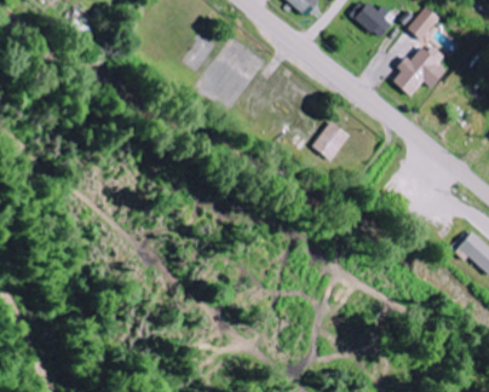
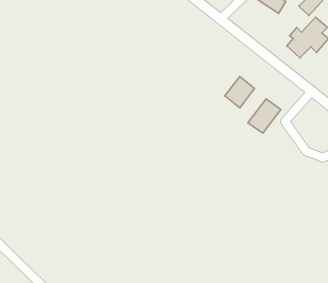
building: none -> [248,99,281,133]

